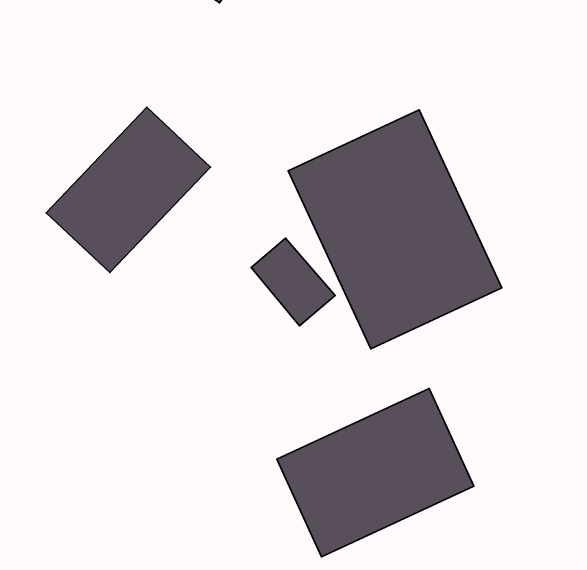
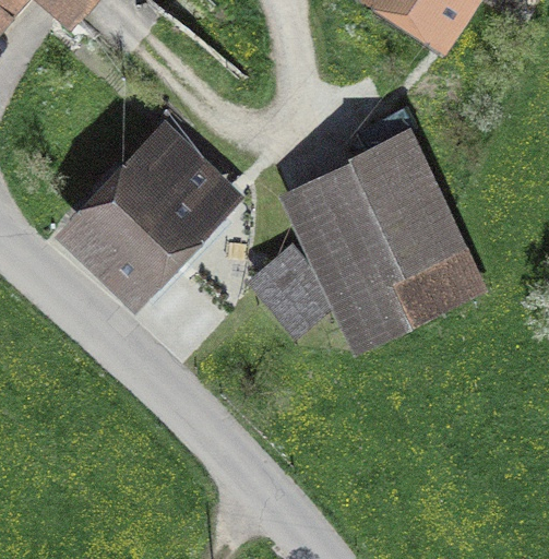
building: [277,388,474,557] -> none

